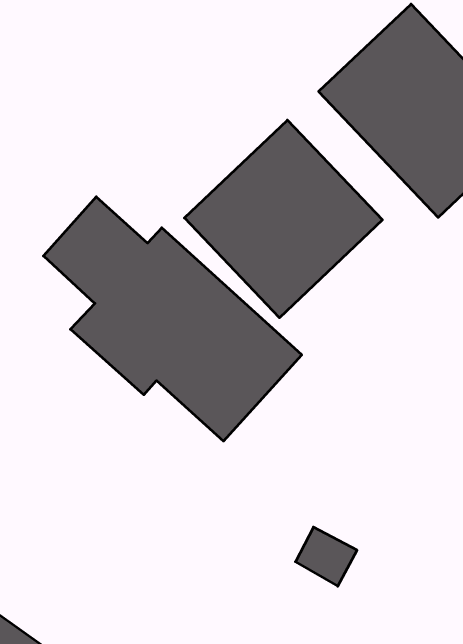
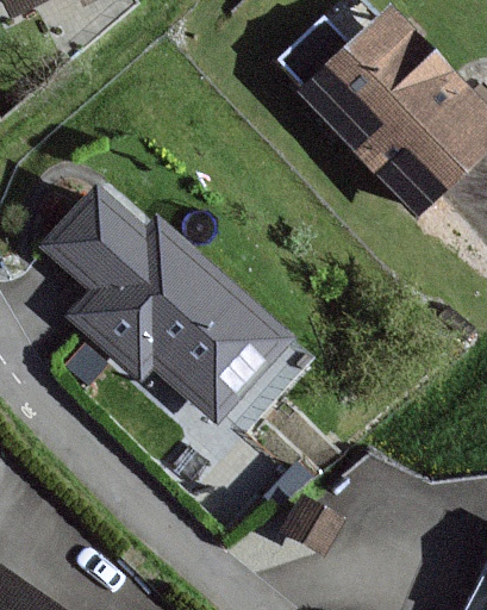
building: [184,120,382,318] -> none

